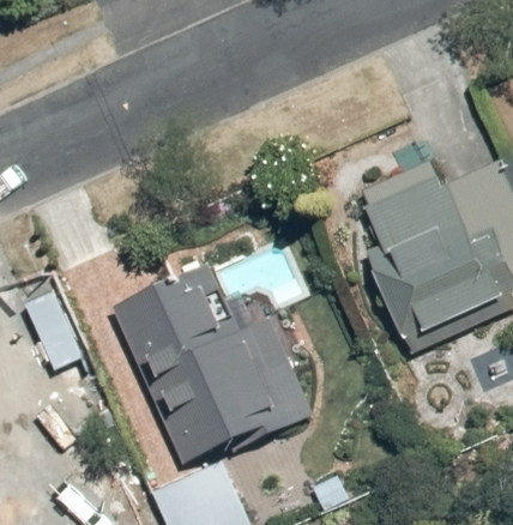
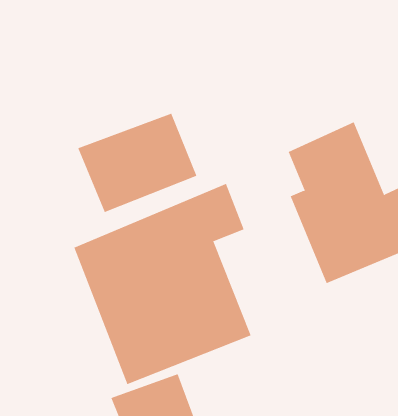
building: none -> [78,113,197,213]

